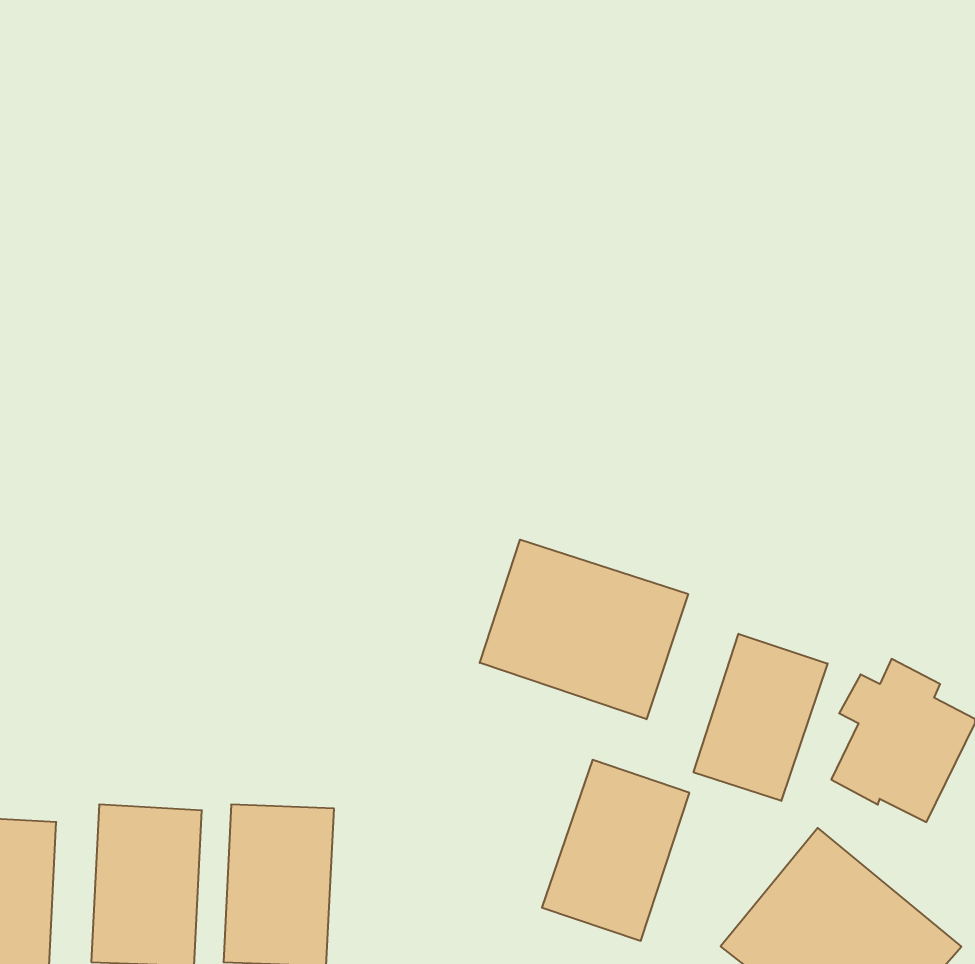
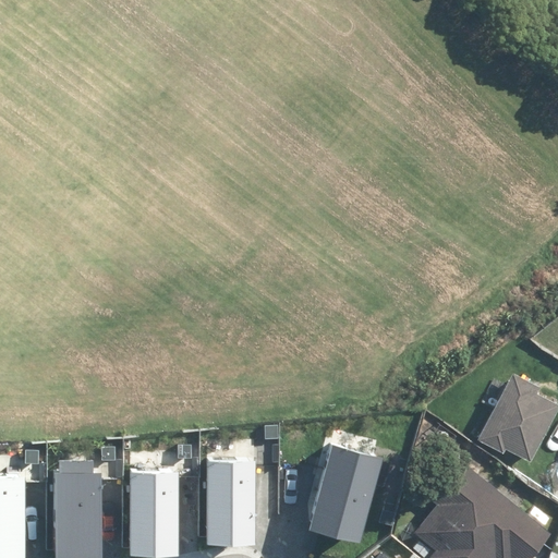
building: [480,540,688,719] -> none
building: [694,634,828,801] -> none
building: none -> [205,458,267,548]

